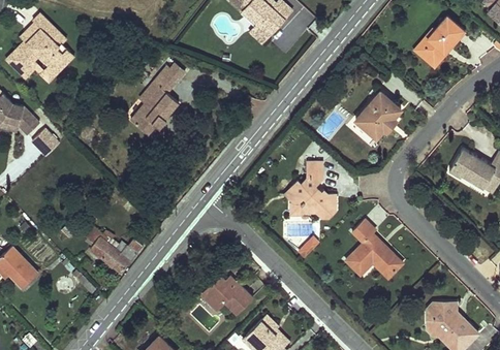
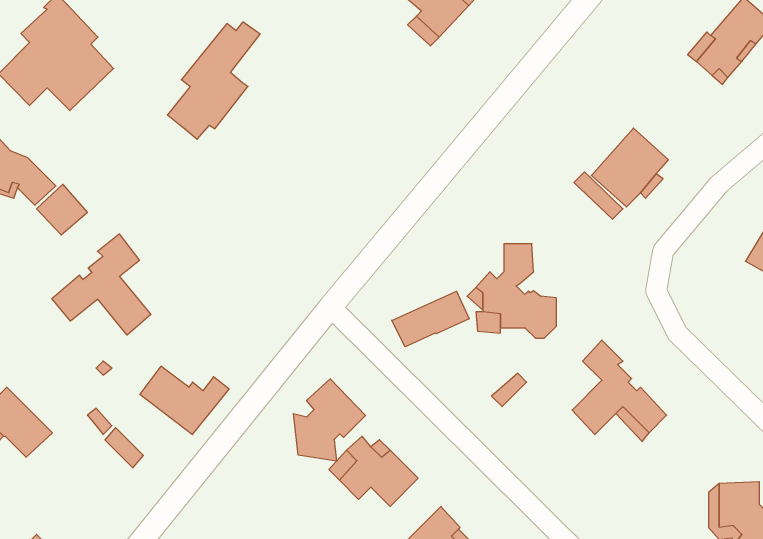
building: [131,65,186,134] -> [167,22,260,139]
building: none -> [52,234,151,335]
building: none -> [392,291,469,347]
building: none -> [293,379,366,461]

